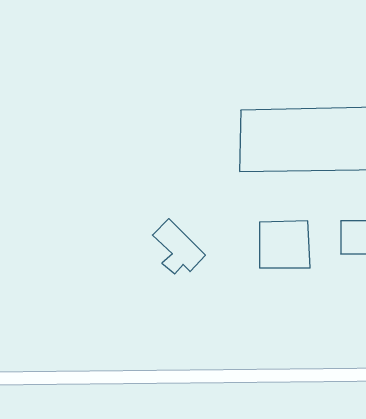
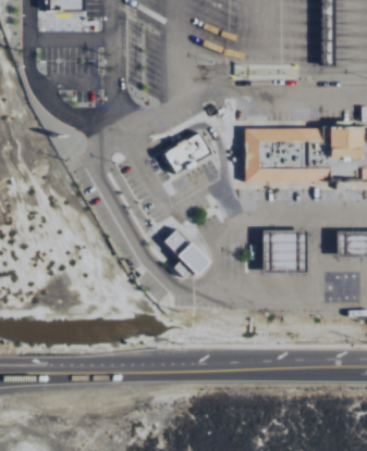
building: none -> [159,129,210,175]

